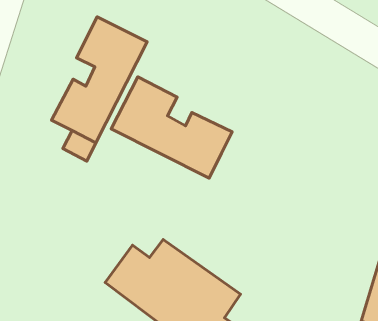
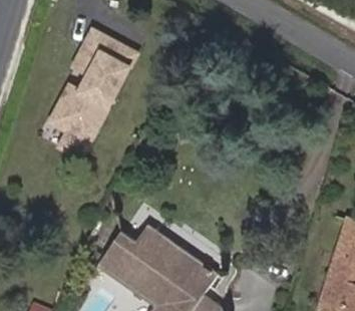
building: [111,77,232,178] -> none

